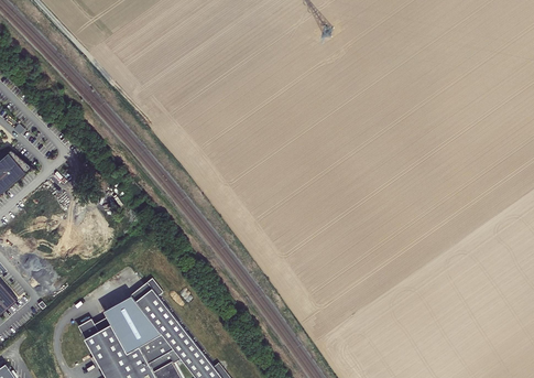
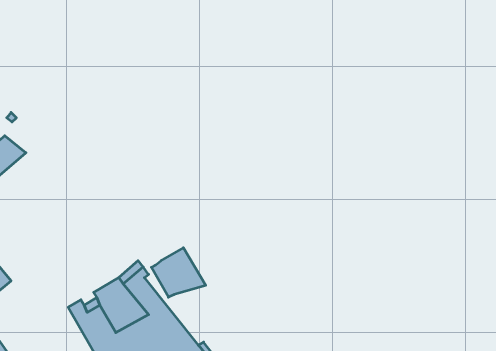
building: none -> [151,248,206,297]

